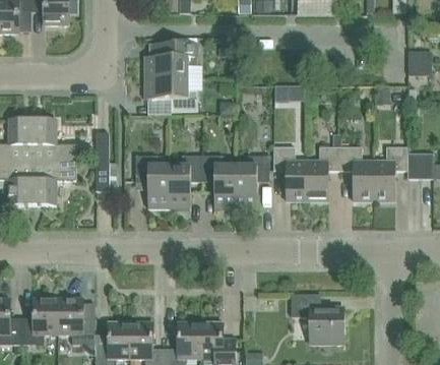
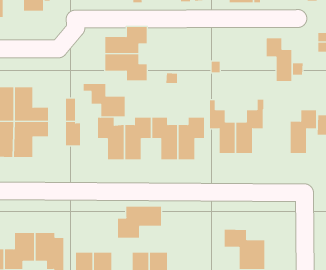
building: none -> [83,83,125,117]
building: [340,146,373,200] -> [266,38,292,82]
building: none -> [117,206,162,238]

